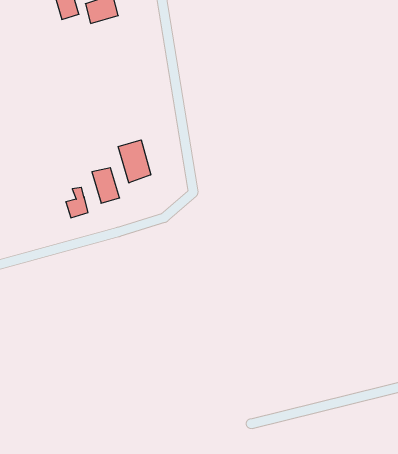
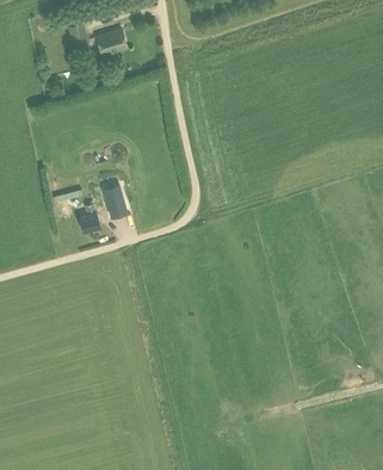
building: [118,140,151,183] -> none

